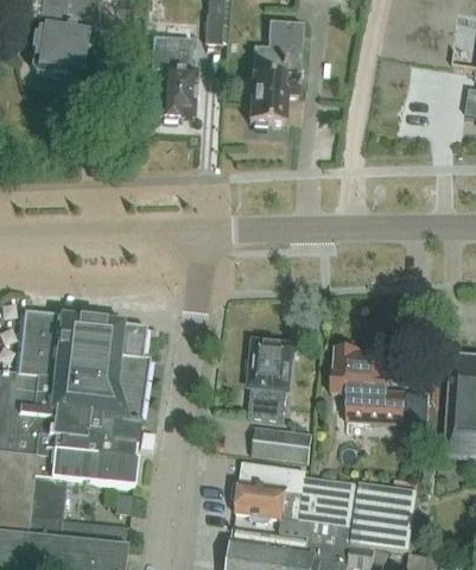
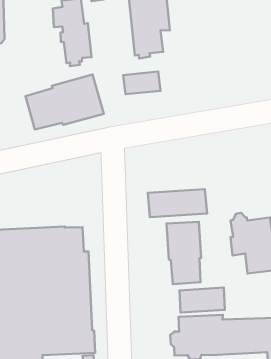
building: none -> [25,75,104,130]
building: none -> [123,72,161,94]
building: none -> [148,189,207,217]

